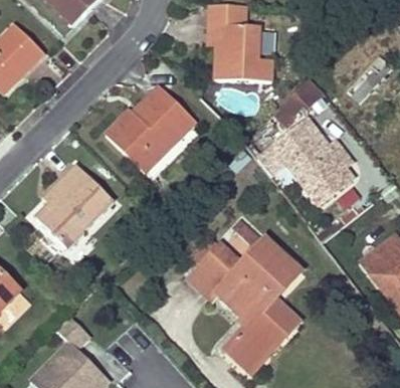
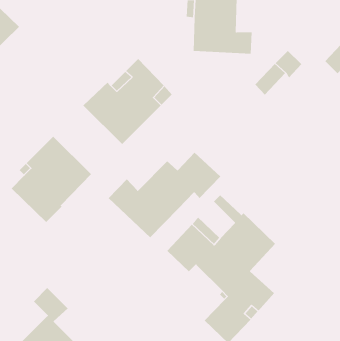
building: [256,118,356,209] -> none
building: none -> [108,152,221,238]

